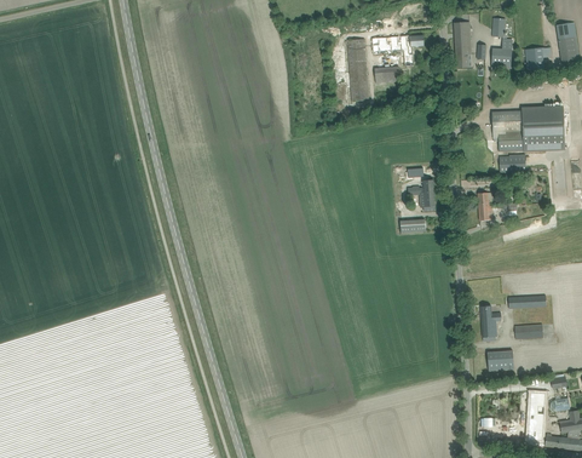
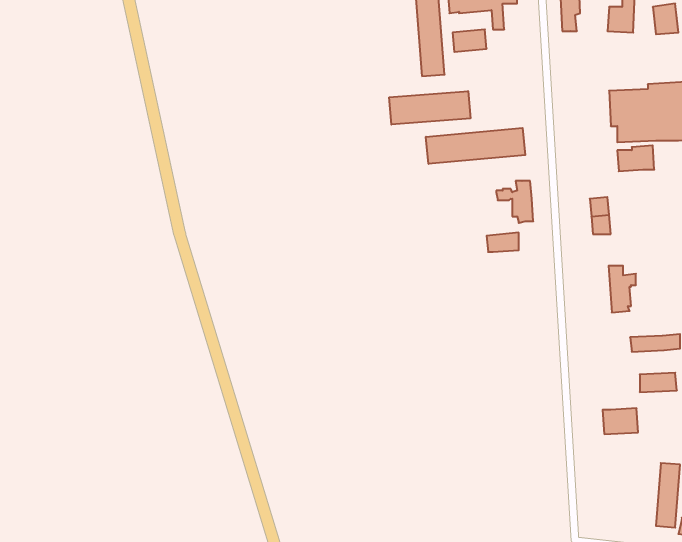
building: none -> [389,91,470,125]
building: none -> [426,128,525,164]
building: [480,305,501,340] -> [609,266,636,312]

